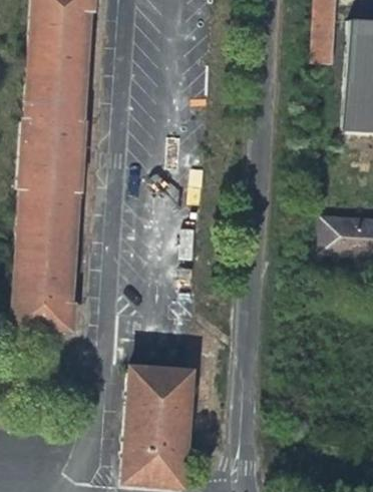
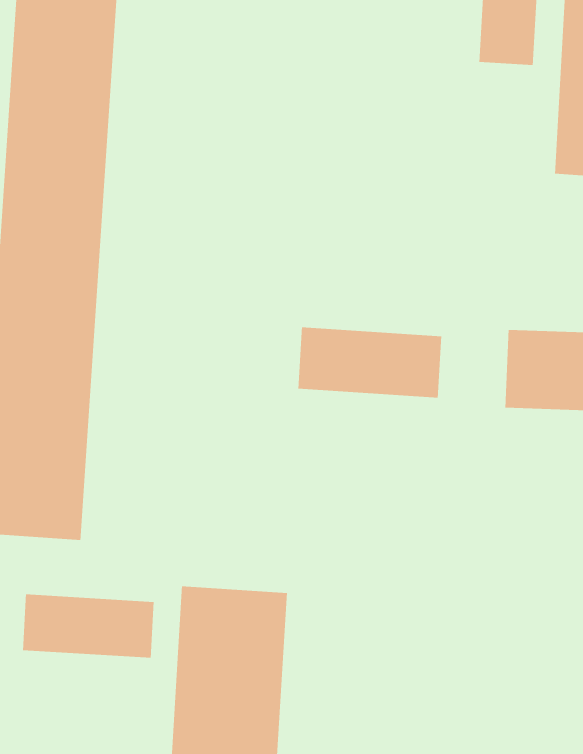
building: none -> [298,326,442,398]
building: none -> [22,594,155,658]

